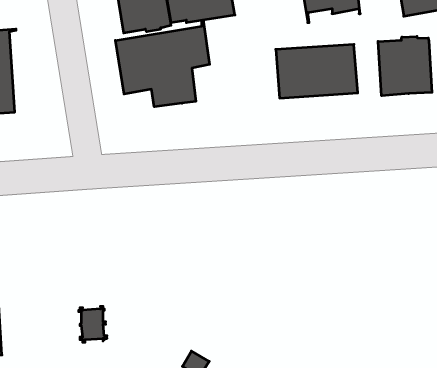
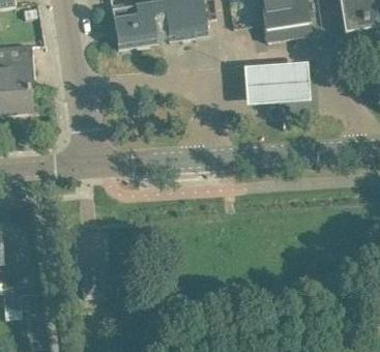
building: [115,20,210,107] -> none
building: [378,36,432,96] -> none

